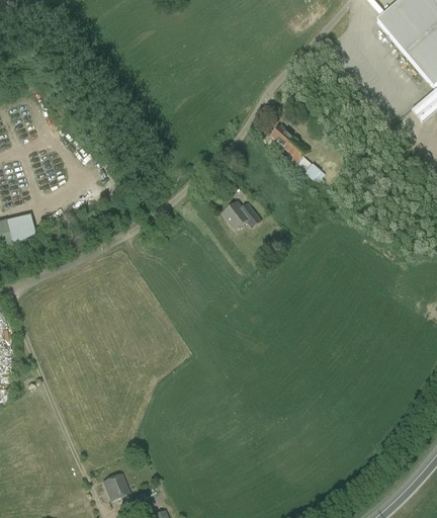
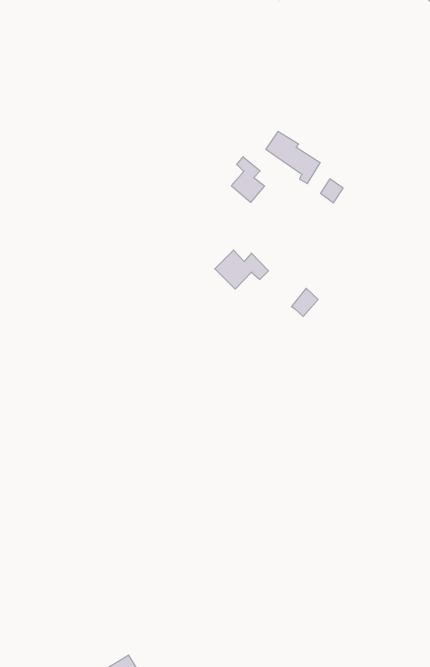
building: none -> [231,157,265,202]

